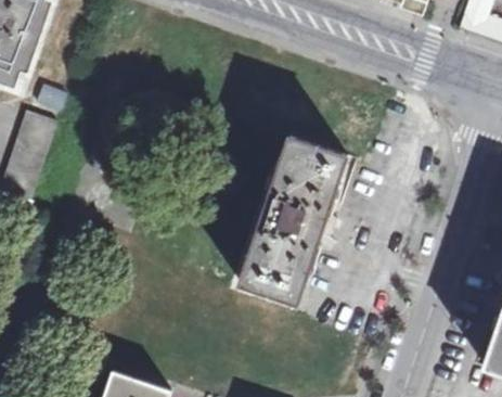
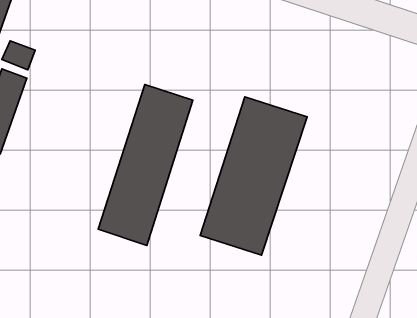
building: none -> [98,84,193,245]

